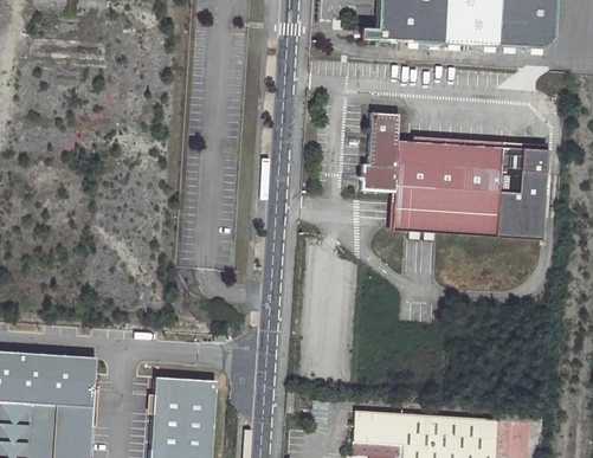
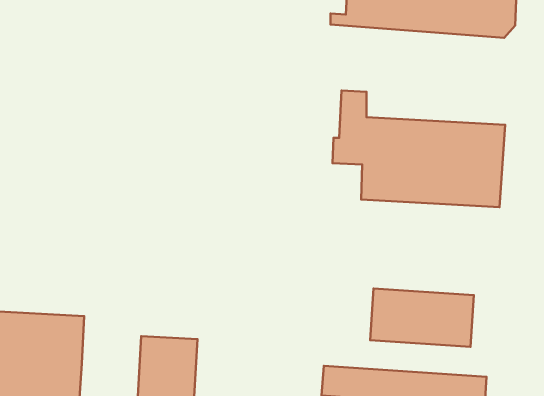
building: none -> [370,288,474,347]

